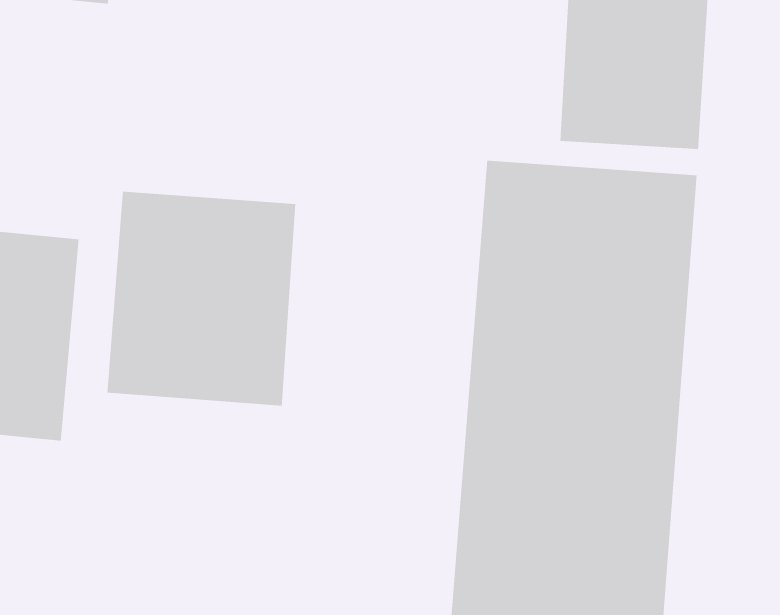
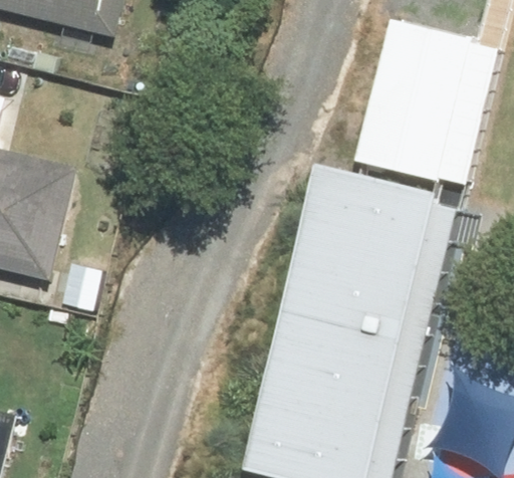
building: [106,191,296,407] -> none

